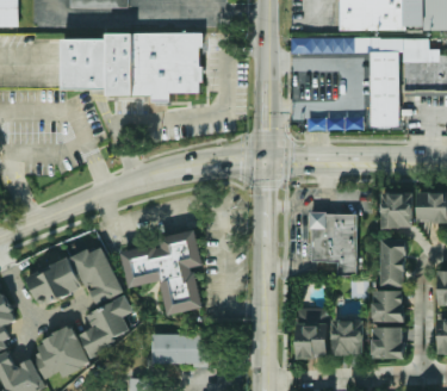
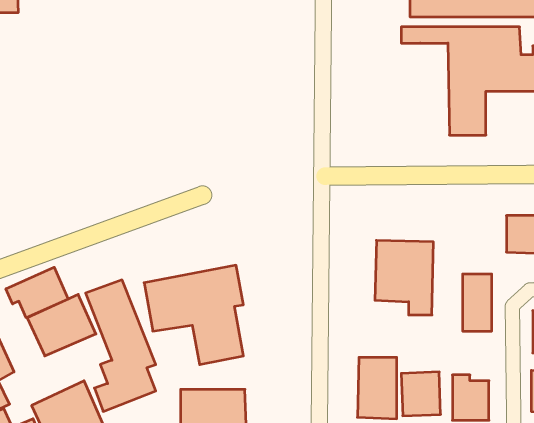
building: [62,32,200,103] -> none
building: [379,192,412,228] -> none
building: none -> [6,267,68,318]
building: [372,290,403,321] -> none

